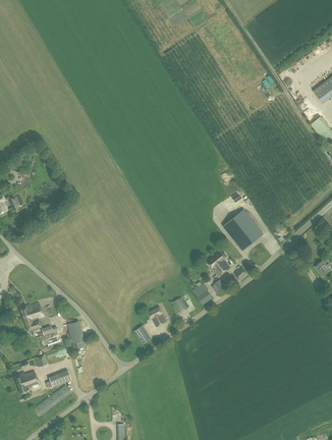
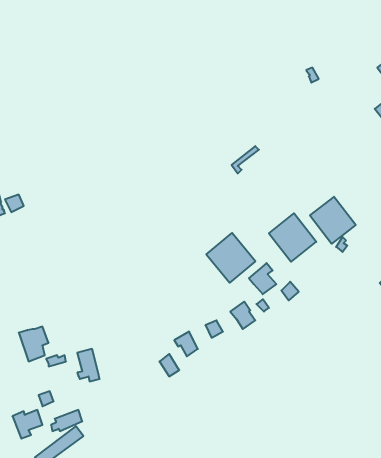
building: none -> [310,197,356,244]
building: none -> [206,233,255,283]

